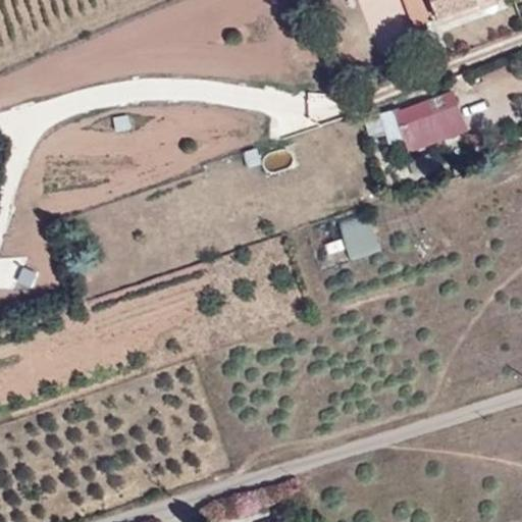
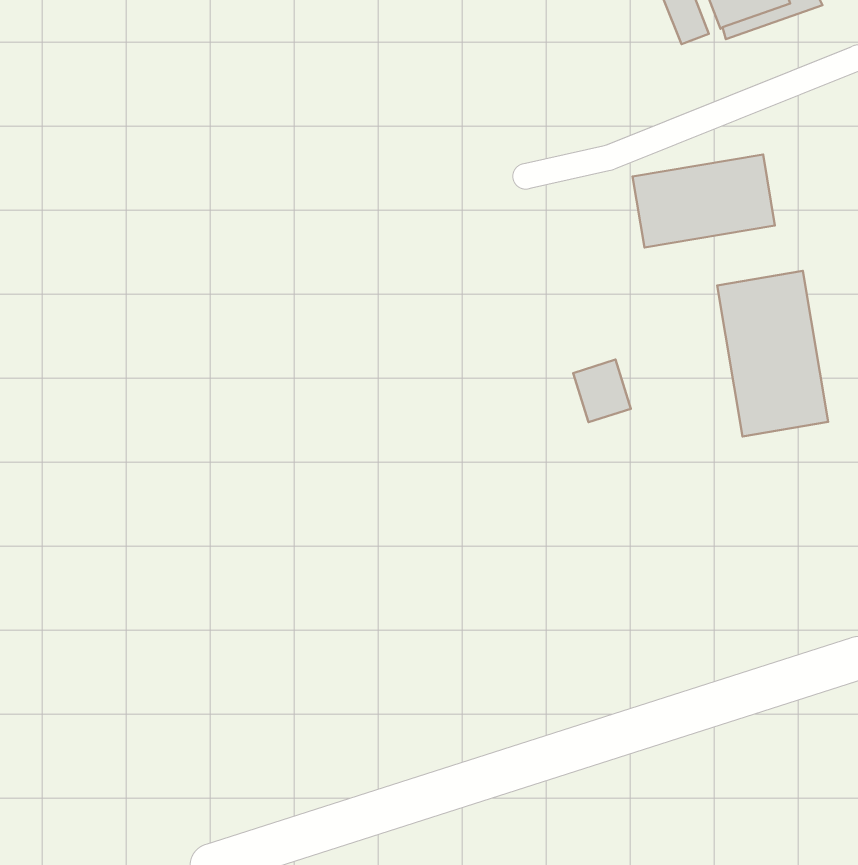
building: none -> [717,271,828,436]

